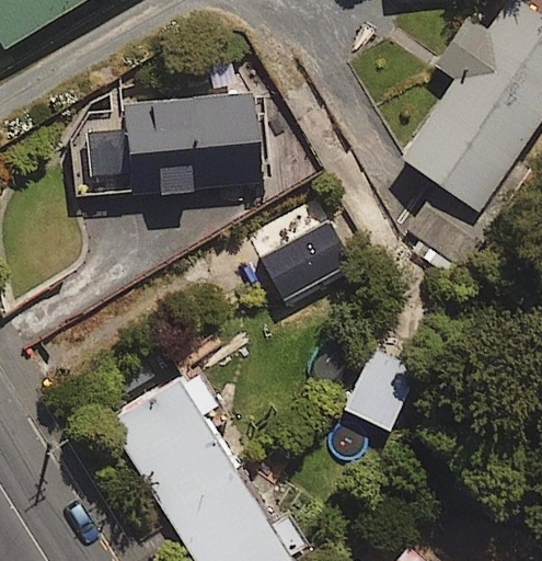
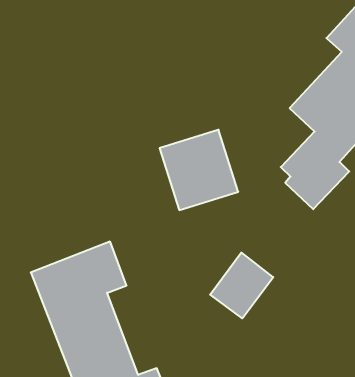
building: [61,98,264,193] -> none

